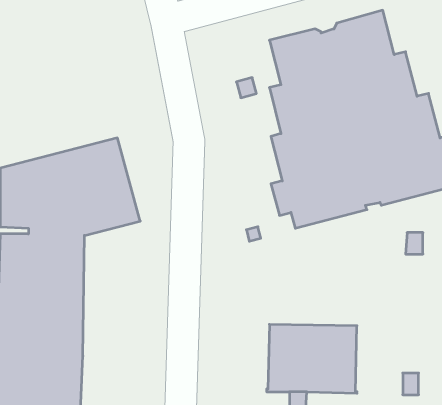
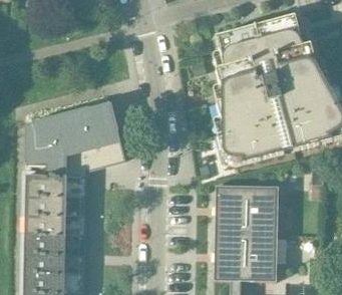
building: none -> [215,186,278,234]

